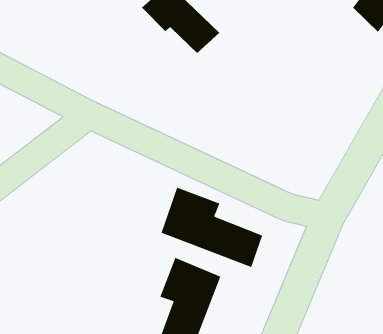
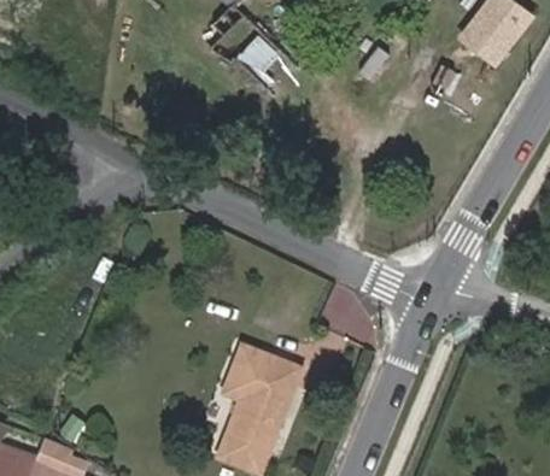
building: [161,187,263,268] -> none

